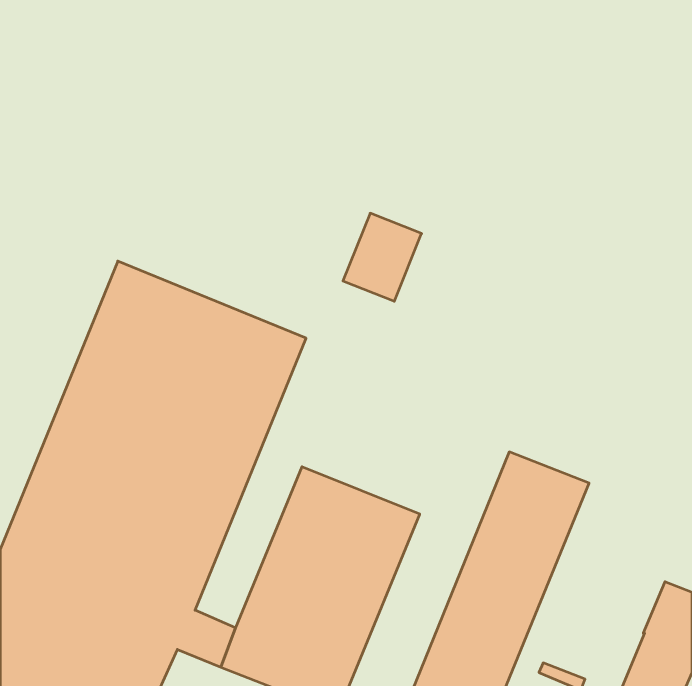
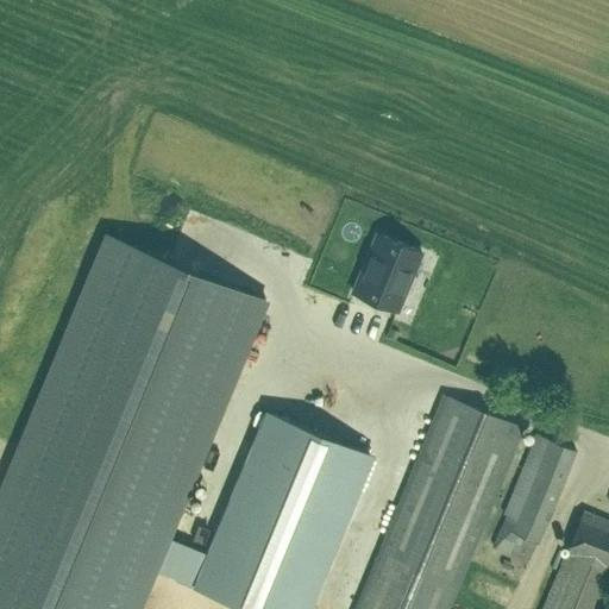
building: [343,213,422,301] -> [350,234,419,312]
building: none -> [491,438,576,566]

